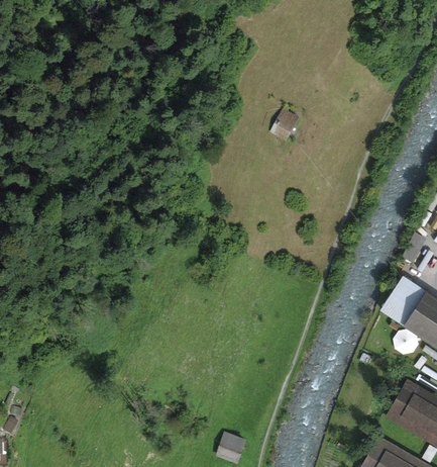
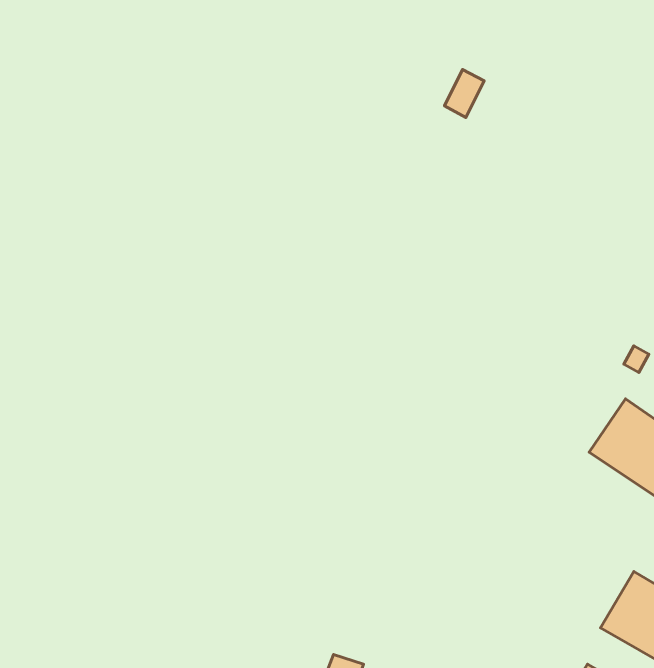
building: [271,108,296,137] -> [444,69,484,117]

